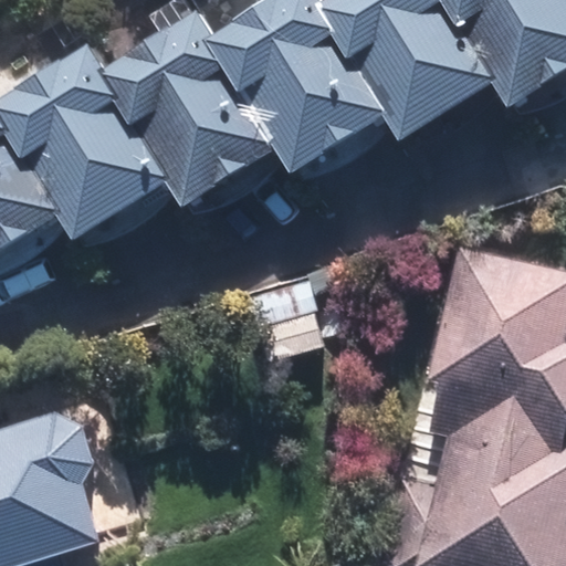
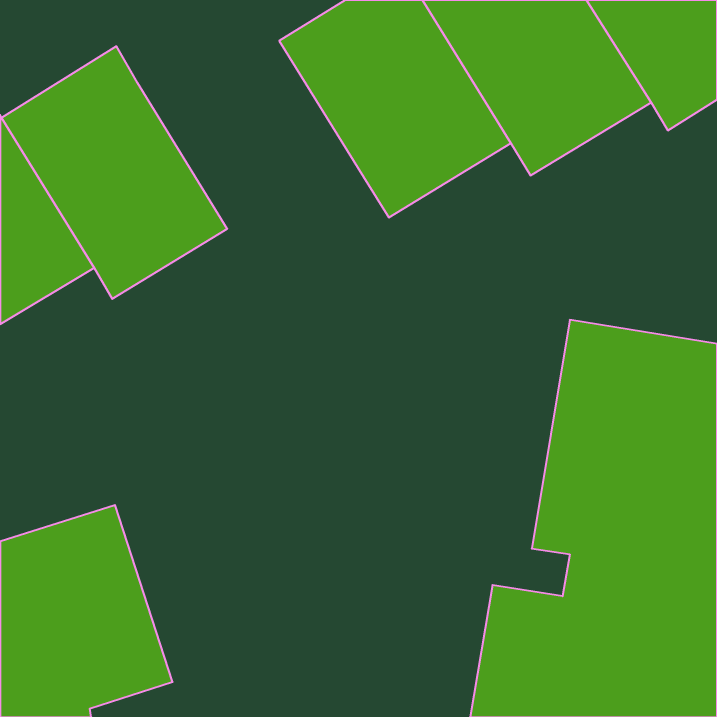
building: [108,7,286,198] -> none

